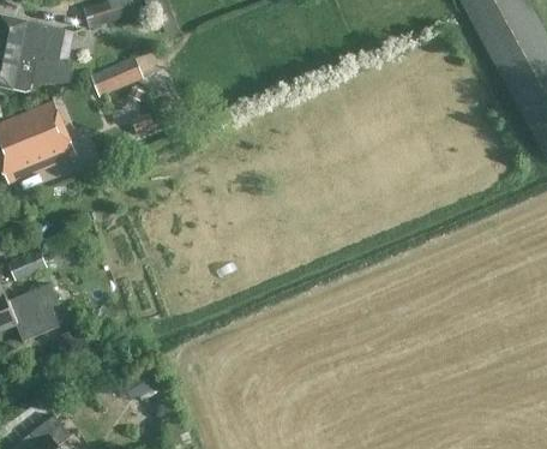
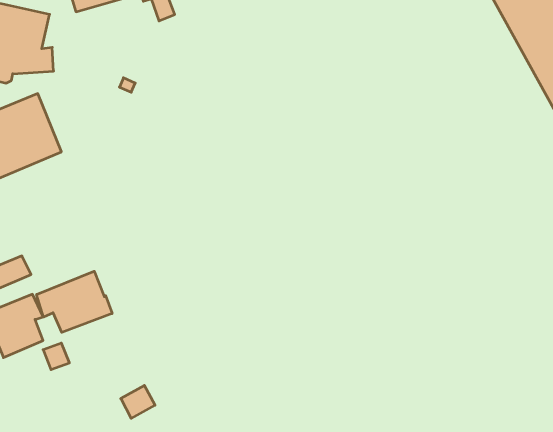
building: [90,55,144,96] -> none
building: none -> [37,271,112,332]

